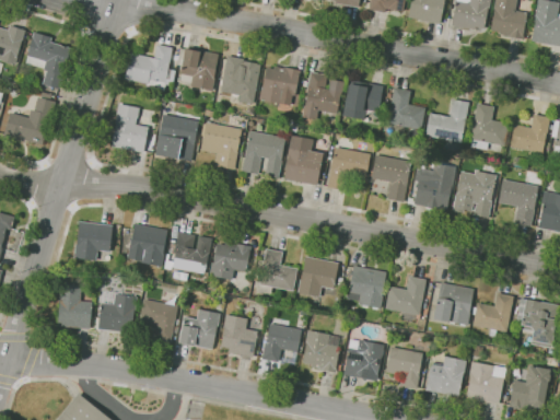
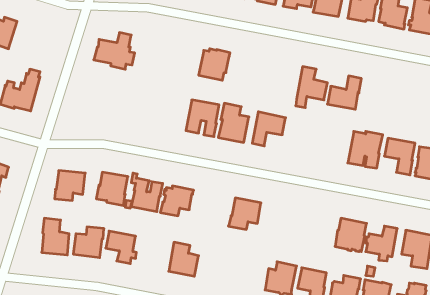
building: [26,32,73,89] -> none
building: [180,48,219,90] -> none
building: [221,55,260,103] -> none
building: [302,71,341,119] -> none
building: [342,80,383,120] -> none
building: [470,103,509,150] -> none
building: [112,104,149,152] -> none
building: [156,114,200,162] -> none
building: [510,114,550,154] -> none
building: [201,122,243,168] -> none
building: [370,155,411,202] -> none
building: [413,170,455,210] -> none
building: [258,248,299,293] -> none
building: [348,265,387,310] -> none
building: [386,276,427,315] -> none
building: [179,308,220,349] -> none
building: [262,323,302,362] -> none
building: [302,329,341,372] -> none

